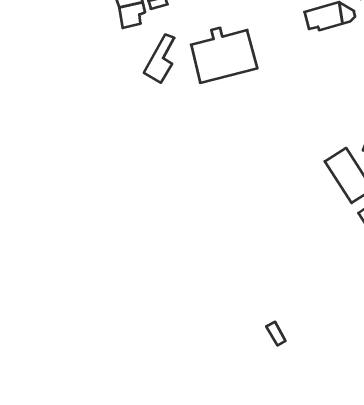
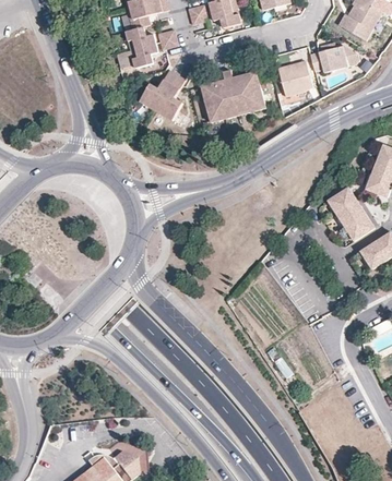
building: none -> [277,59,311,94]
building: none -> [138,71,175,112]

